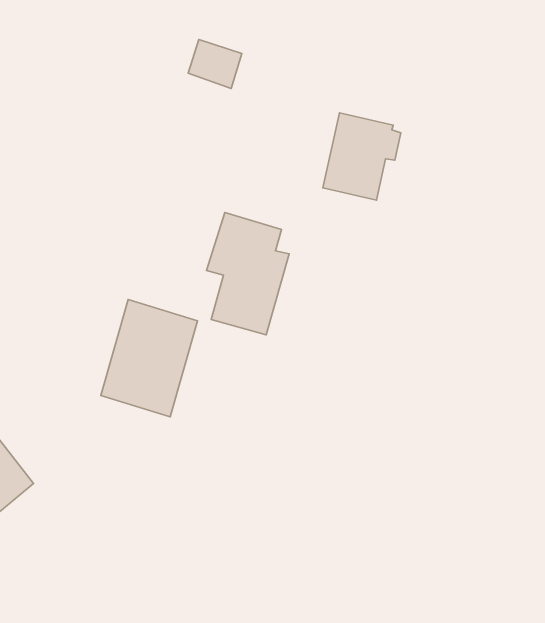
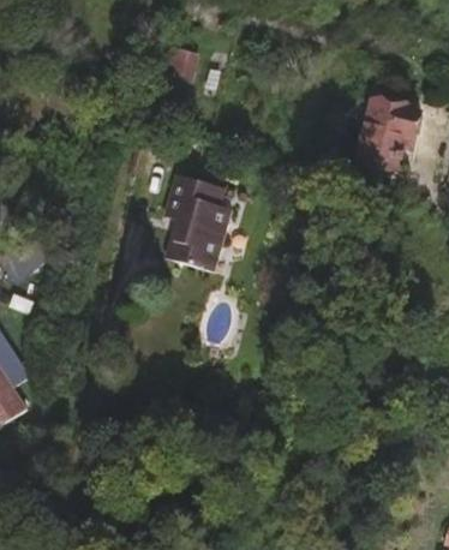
building: [323,113,401,200] -> [358,100,419,168]
building: [101,300,197,417] -> none

